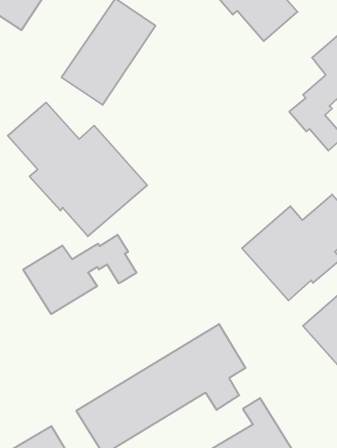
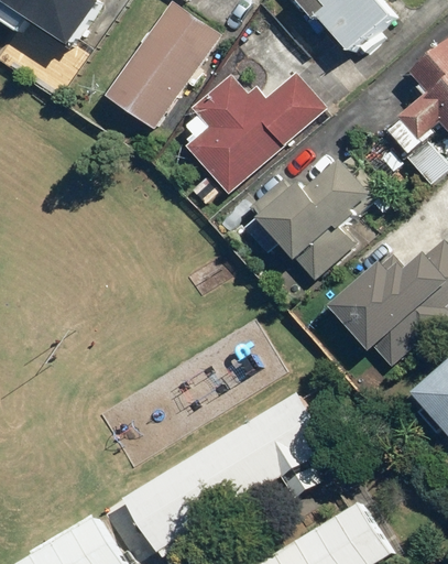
building: none -> [187,74,327,195]
building: [8,103,147,236] -> none
building: none -> [252,155,381,280]
building: [23,235,136,314] -> none

